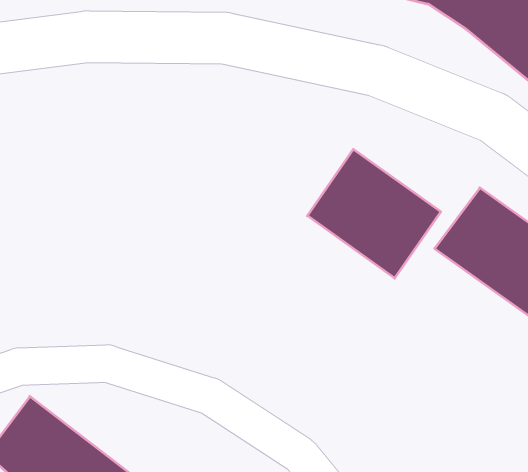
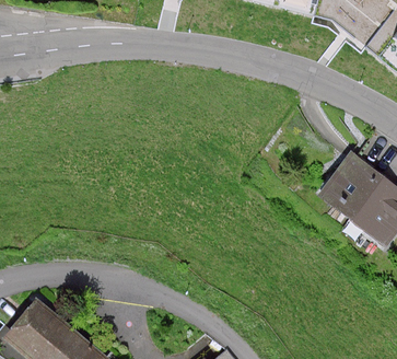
building: [307,149,441,278] -> none

